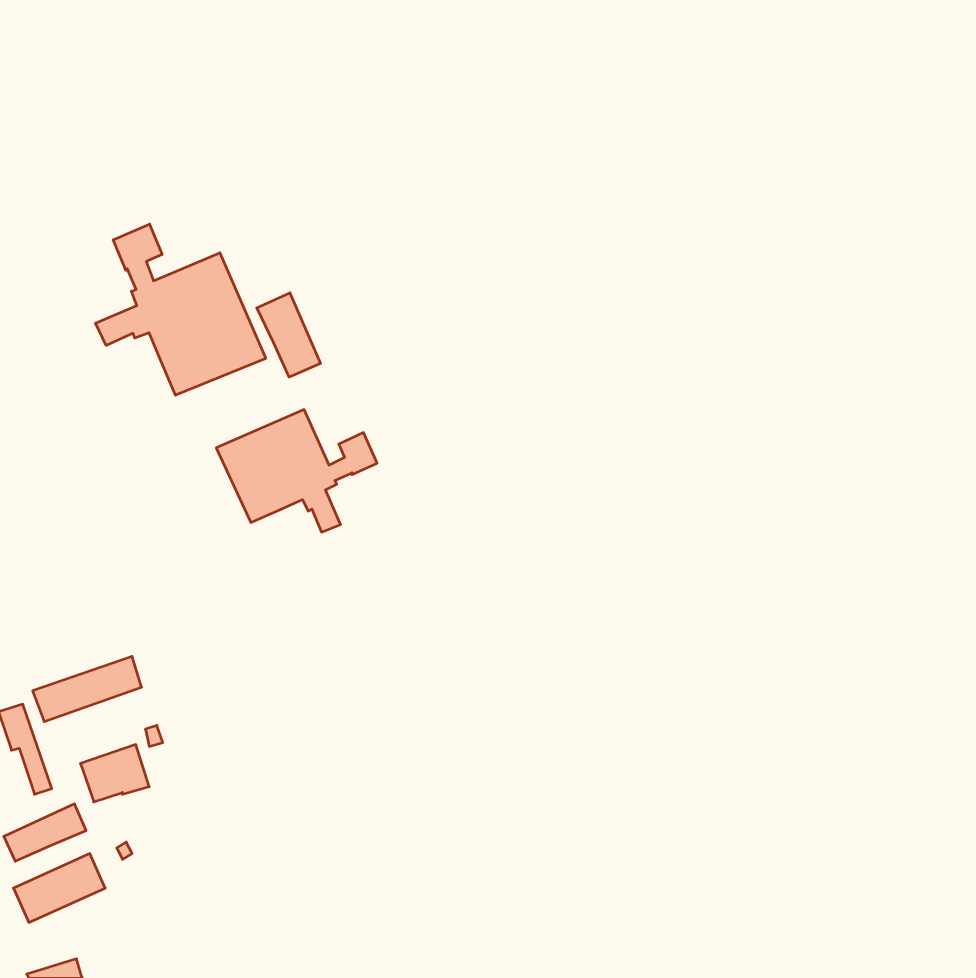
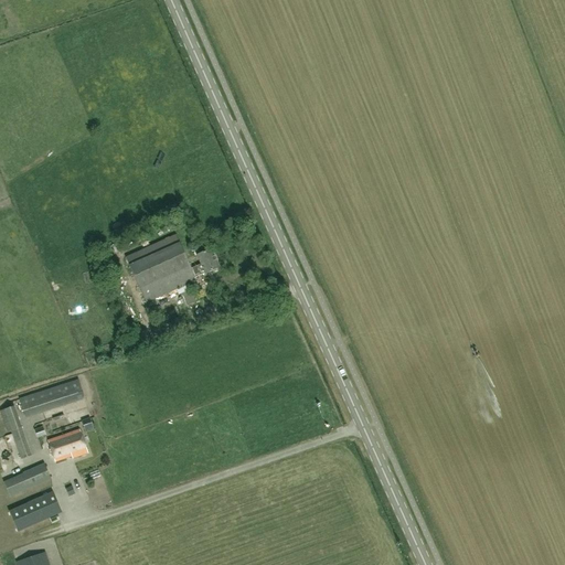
building: [96,224,266,395] -> none
building: [257,293,321,377] -> none

